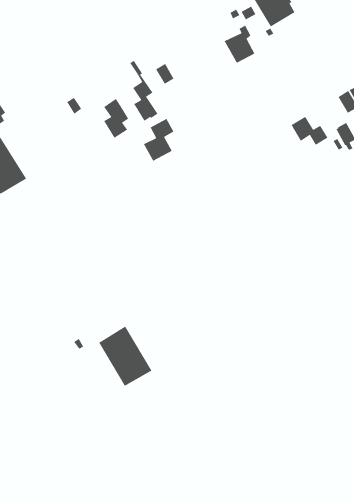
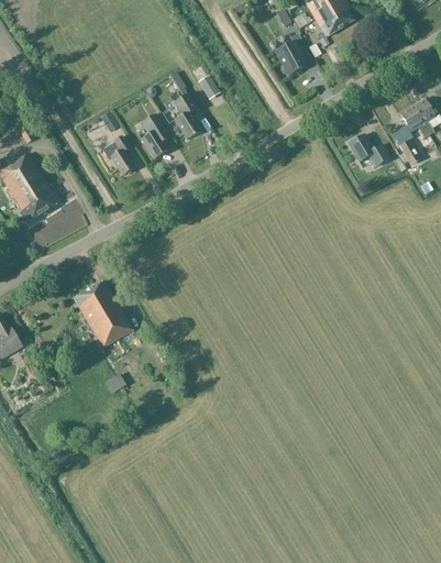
building: [143,118,174,162] -> none
building: none -> [101,136,134,175]
building: [98,326,152,387] -> [73,279,132,346]

